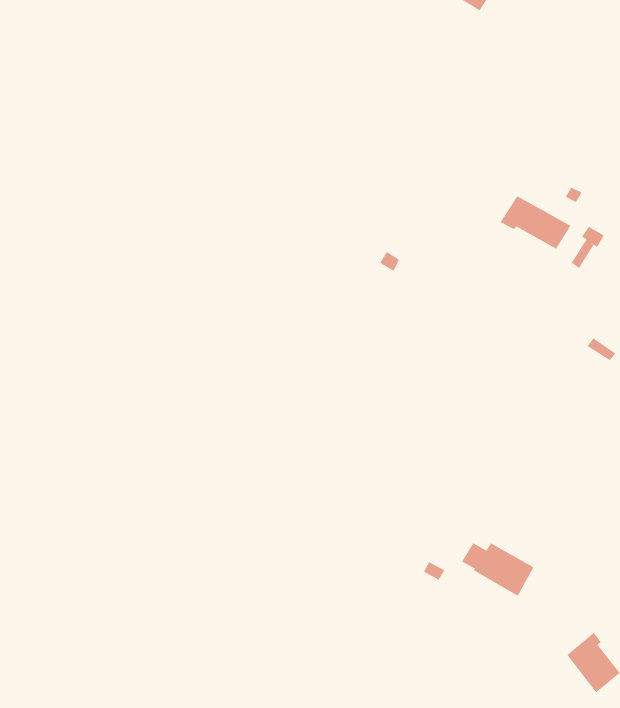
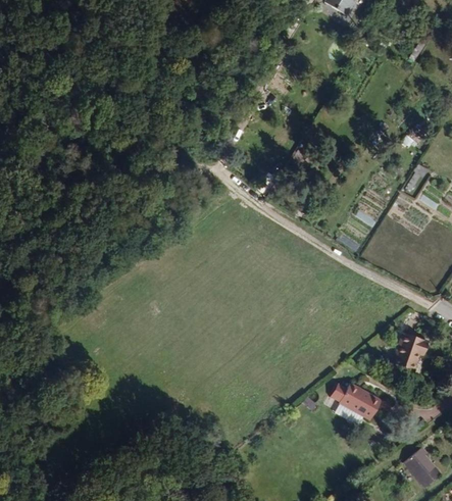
building: [500,195,571,250] -> none
building: none -> [391,331,429,372]

